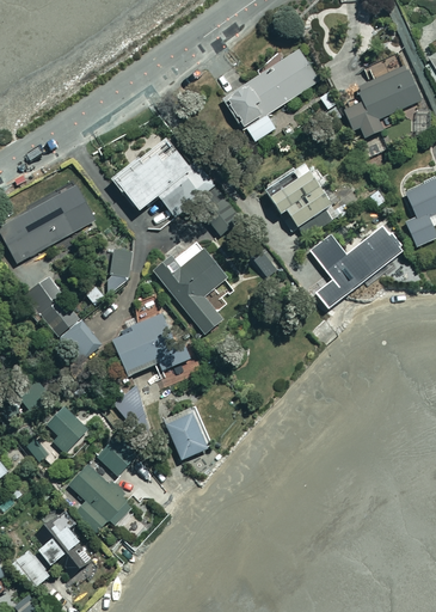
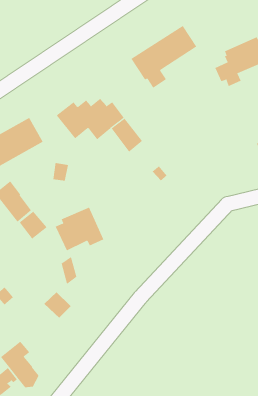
building: [265,169,332,231] -> none
building: [311,226,403,312] -> none
building: [154,241,227,335] -> none
building: [47,404,87,449] -> none
building: [164,412,209,463] -> none
building: [68,464,131,532] -> none

